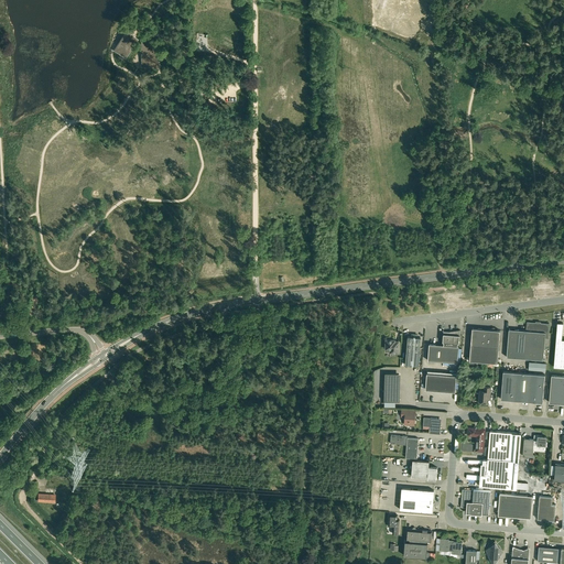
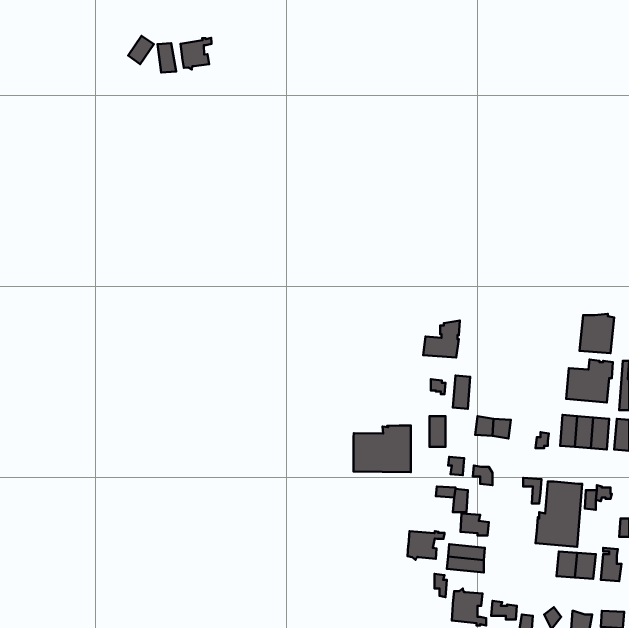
building: none -> [180,38,211,69]
building: [469,328,500,364] -> [580,314,614,353]
building: [427,330,460,364] -> [423,321,460,357]
building: none -> [353,425,411,472]
building: none -> [407,531,445,560]
building: [462,490,490,516] -> none

